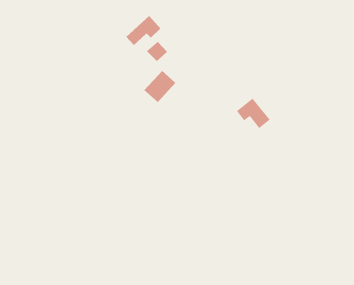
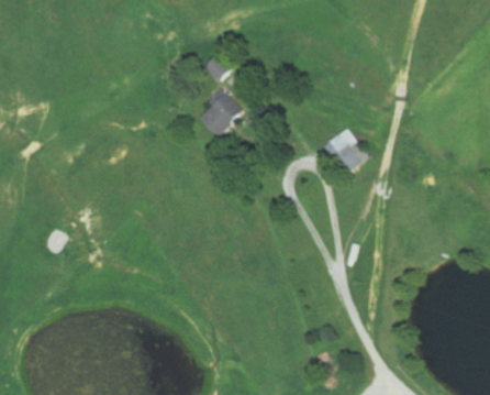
building: [125,15,161,46] -> none

